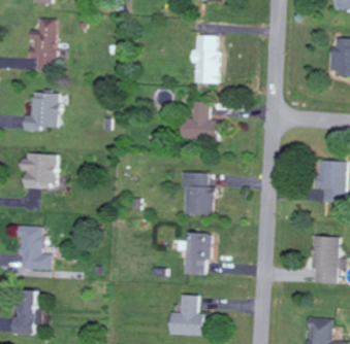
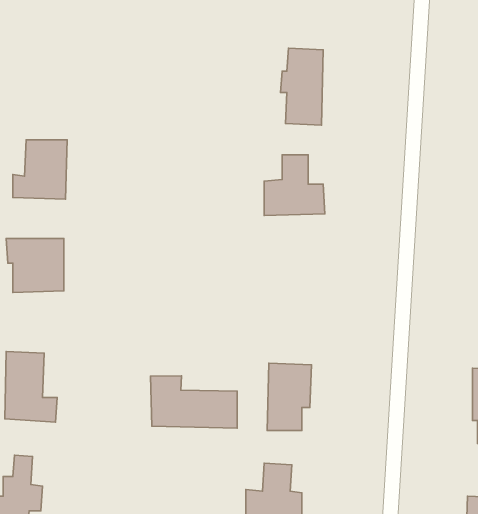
building: [29,19,56,71] -> none
building: [180,172,213,215] -> none
building: none -> [150,376,237,428]

